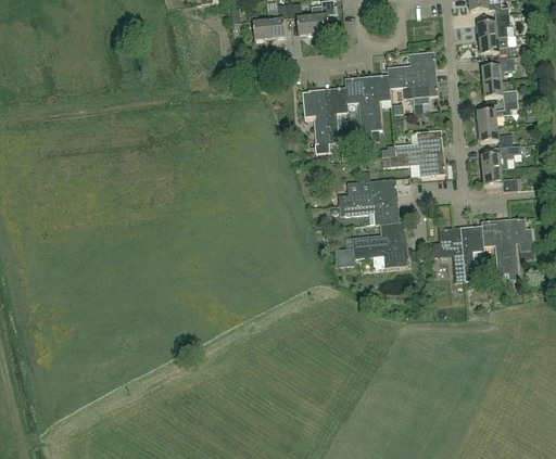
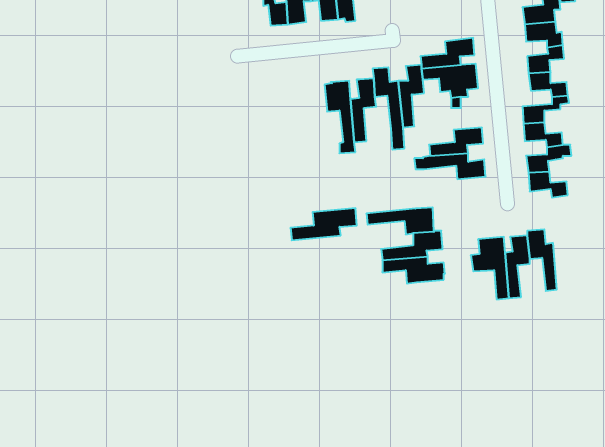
building: [338,178,396,206] -> [290,208,357,240]
building: [503,218,533,280] -> none

